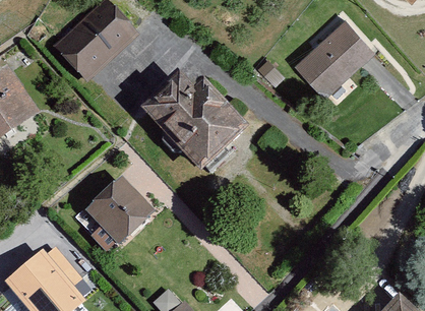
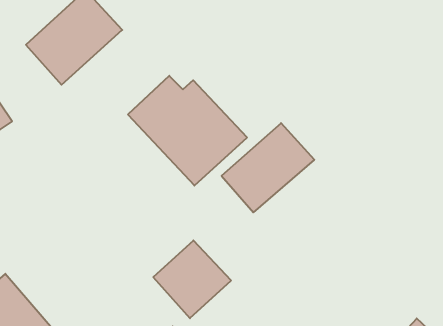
building: [294,16,376,96] -> [222,123,314,212]
building: [86,174,156,243] -> [153,240,231,318]

